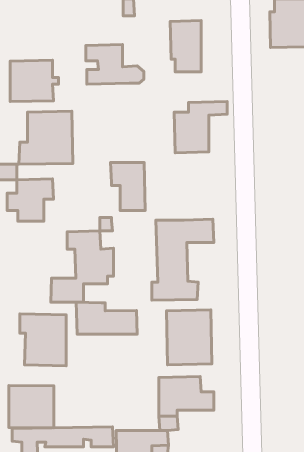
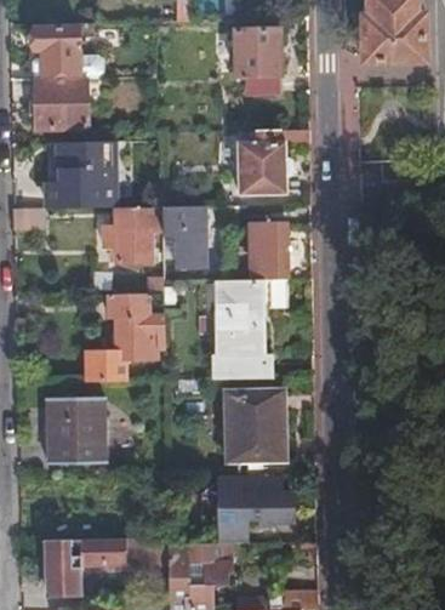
building: [86,45,144,84] -> [34,29,107,79]
building: none -> [252,217,290,279]
building: [7,179,54,221] -> [104,206,162,260]
building: [76,302,137,334] -> none
building: [9,386,54,428] -> none

